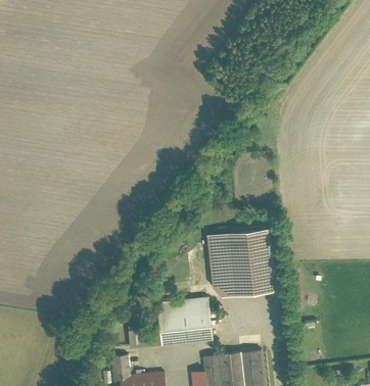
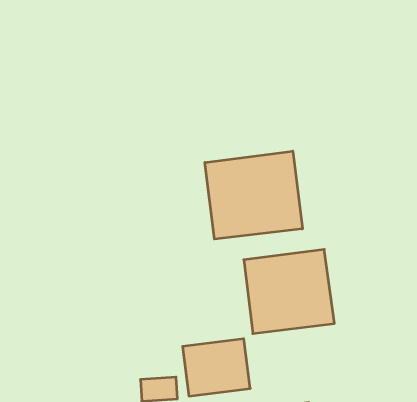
building: none -> [205,151,302,239]

